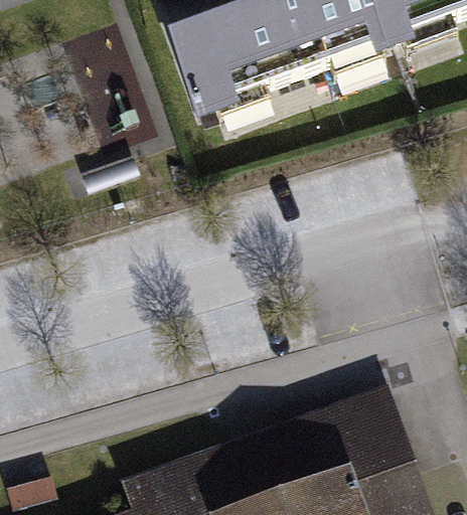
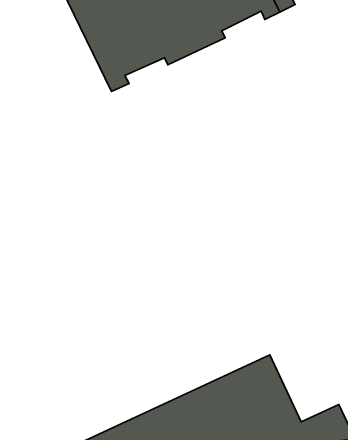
building: [343,392,413,484] -> none

